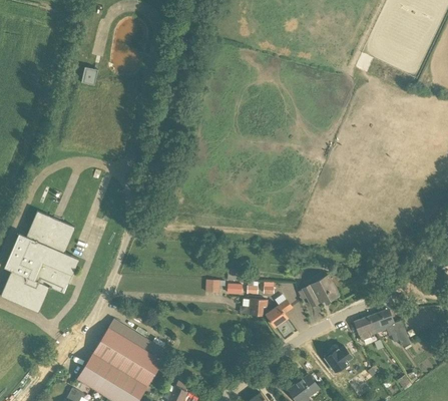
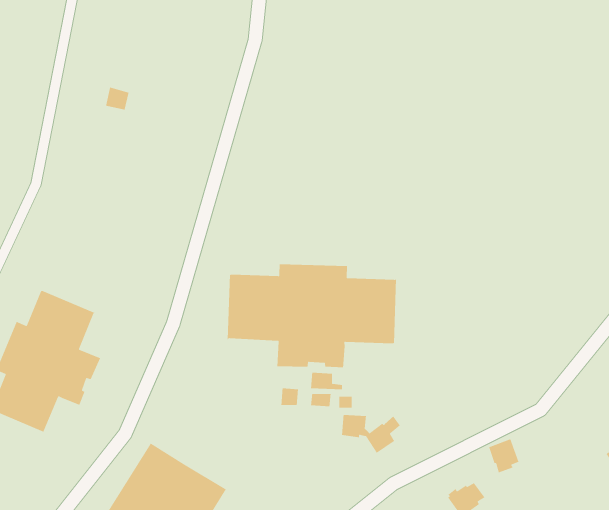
building: none -> [227,264,397,368]
building: [304,276,339,306] -> none
building: [370,309,410,348] -> none

